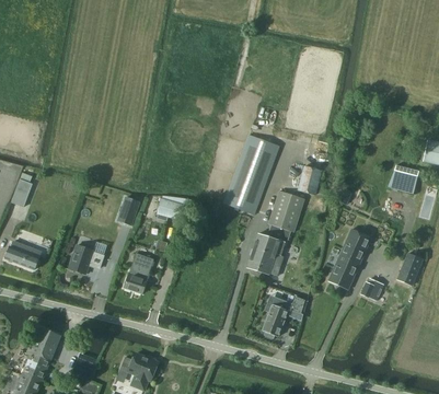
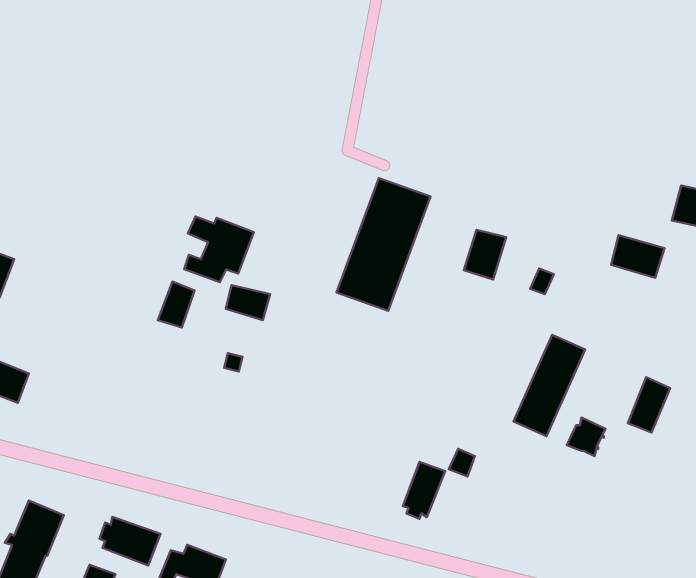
building: none -> [184,216,254,282]
building: [247,189,304,274] -> none
building: [69,241,107,274] -> none
building: [124,252,154,292] -> none
building: none -> [100,517,161,565]

